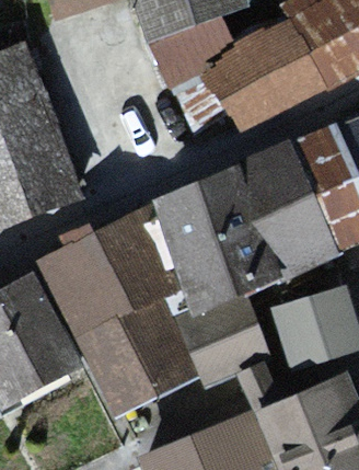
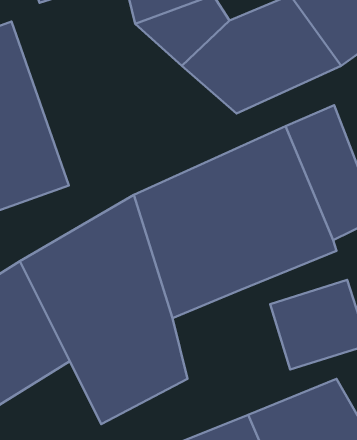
building: [181,295,274,387] -> none

